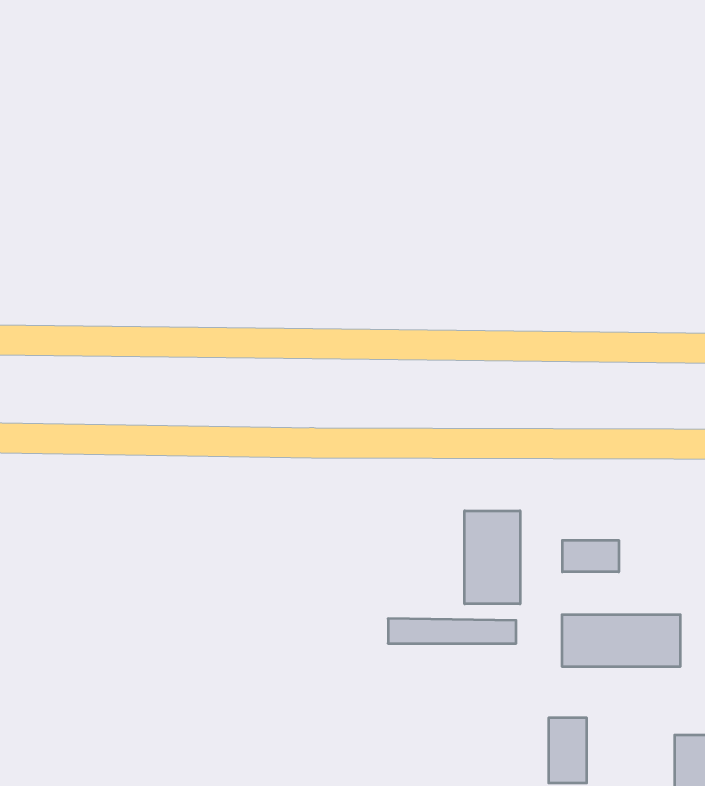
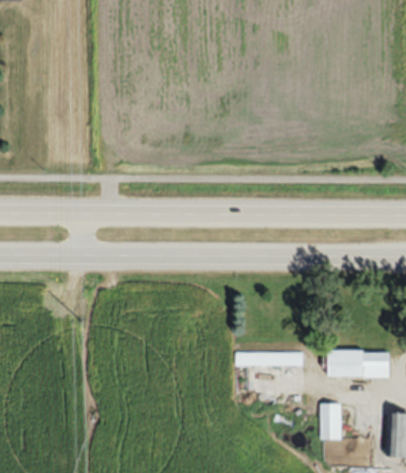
building: [465,511,520,604] -> none
building: [562,540,619,572] -> none

